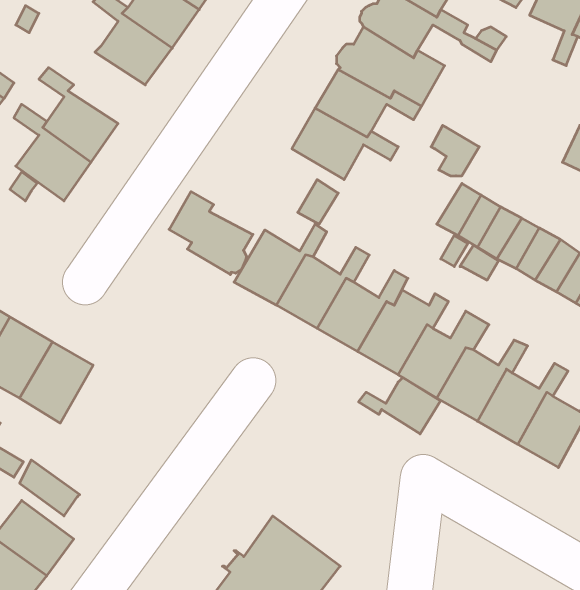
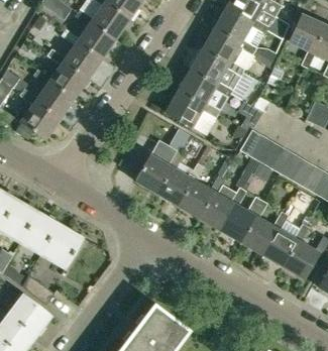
building: none -> [47,49,89,99]
building: [169,192,253,275] -> none
building: none -> [44,225,84,267]
building: [359,378,441,434] -> none

